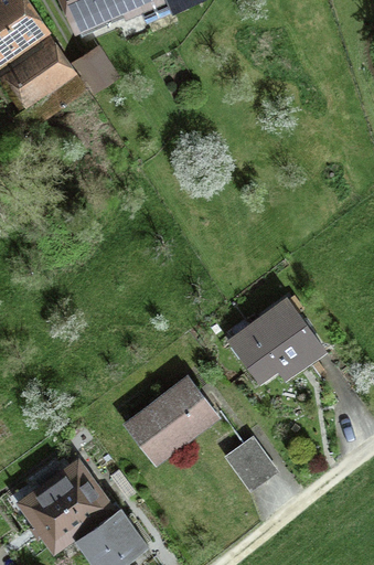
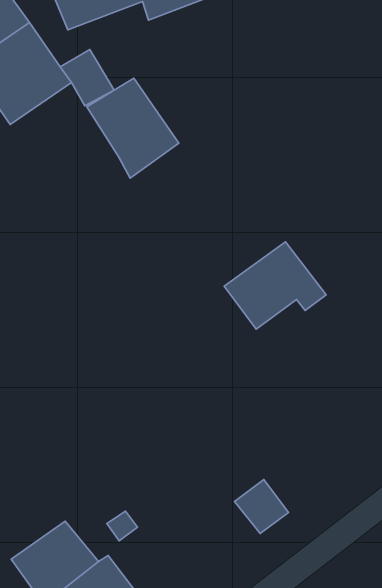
building: none -> [87,78,179,178]
building: [231,306,322,384] -> [224,242,326,329]
building: [128,379,213,457] -> none

